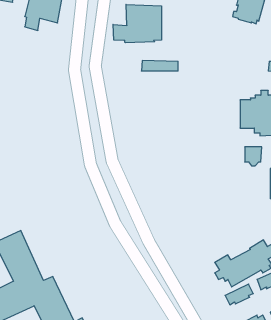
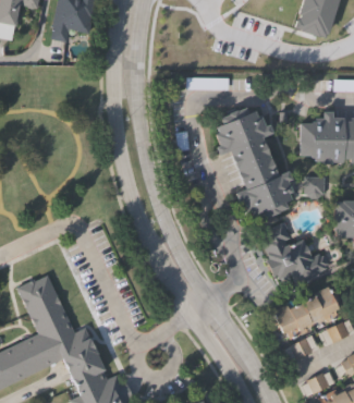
building: [113,4,161,43] -> none
building: none -> [218,109,295,219]
building: none -> [259,222,327,285]

